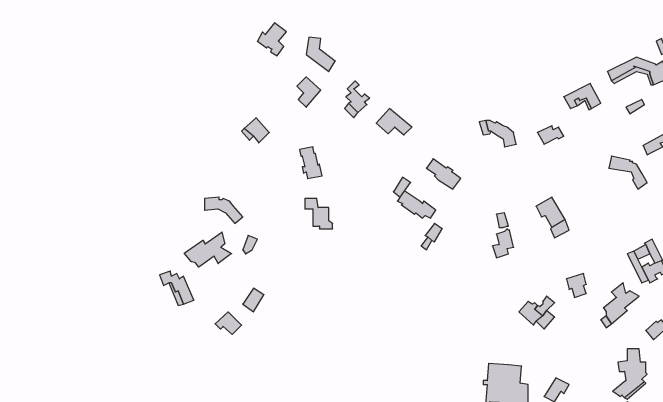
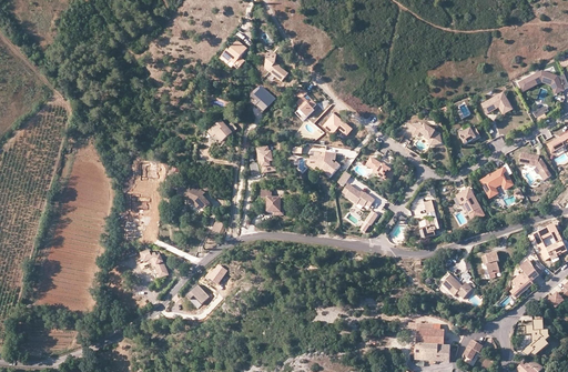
building: none -> [307,151,339,177]
building: none -> [478,167,510,197]
building: [184,232,232,267] -> none

